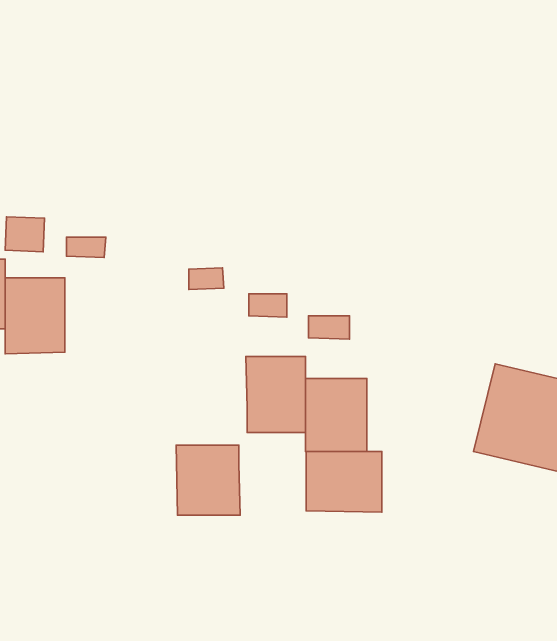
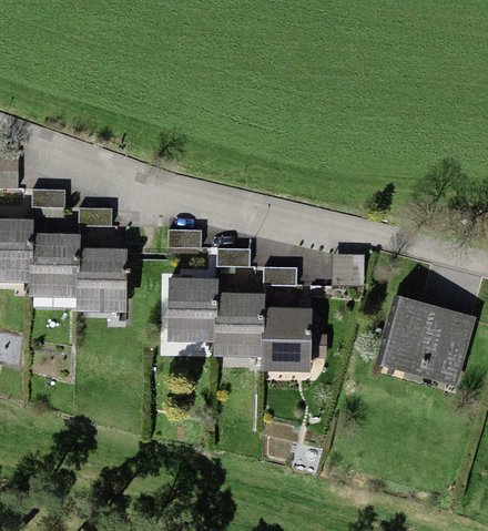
building: none -> [78,253,124,308]
building: [176,445,240,515] -> [167,282,216,335]
building: [306,451,382,512] -> none

